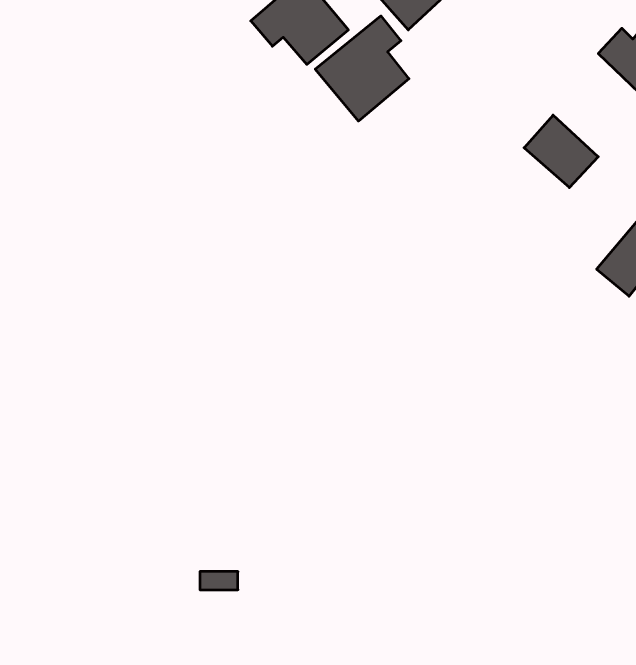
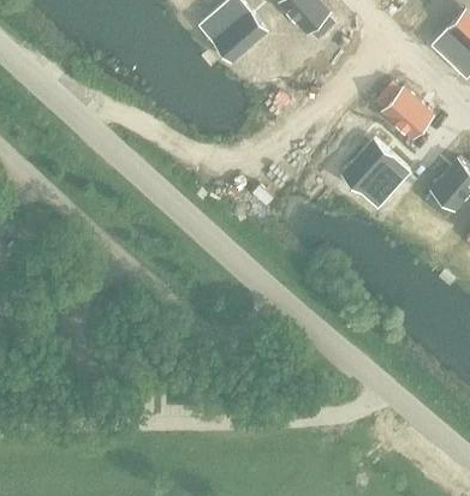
building: [315,16,409,121] -> none
building: none -> [350,142,409,207]

